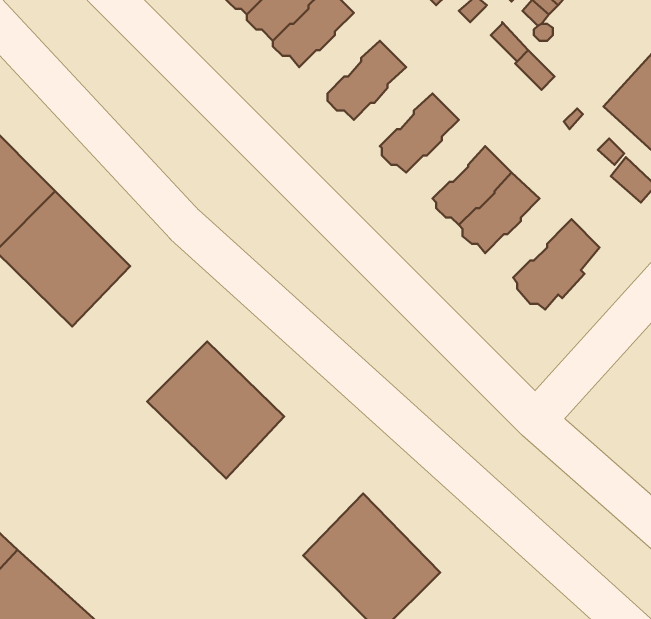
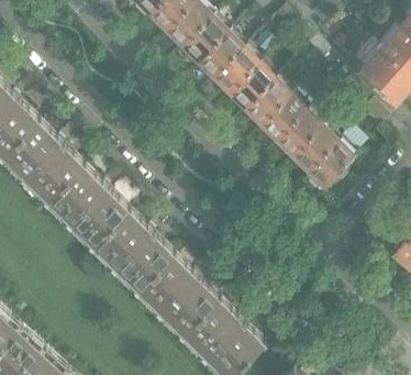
building: none -> [180,15,227,63]
building: none -> [212,47,258,93]
building: none -> [243,78,289,124]
building: none -> [289,124,336,170]
building: none -> [47,164,126,243]
building: none -> [137,252,218,333]

